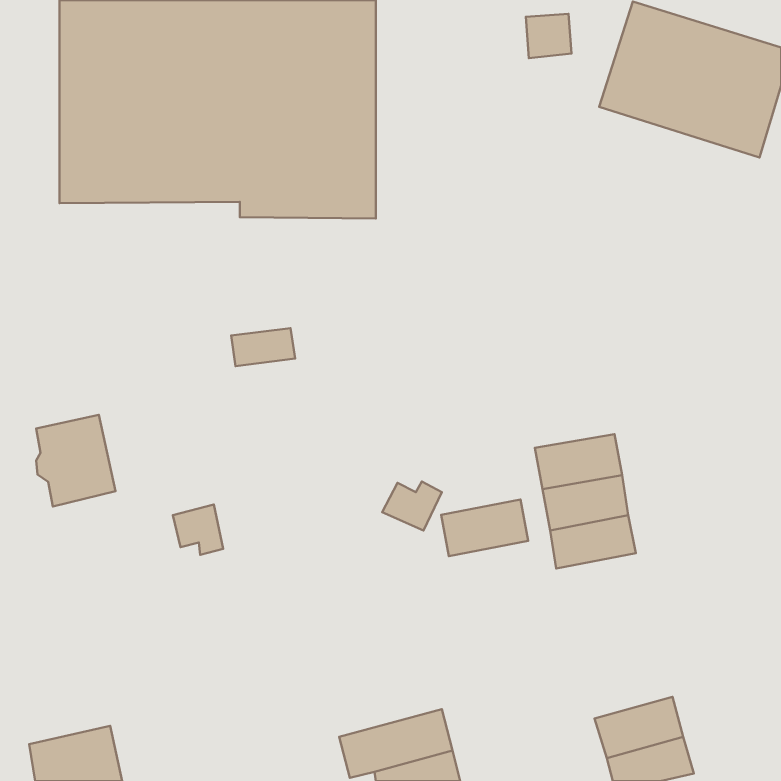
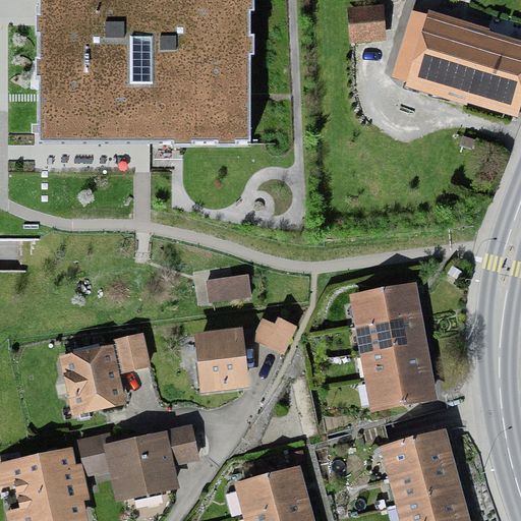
building: [231,328,295,366] -> [208,277,250,302]
building: [36,415,115,506] -> [67,351,120,412]
building: [441,500,528,556] -> [370,368,428,406]
building: none -> [200,335,244,388]
building: none -> [79,427,197,498]
building: none -> [389,436,448,478]
building: none -> [12,453,73,496]

